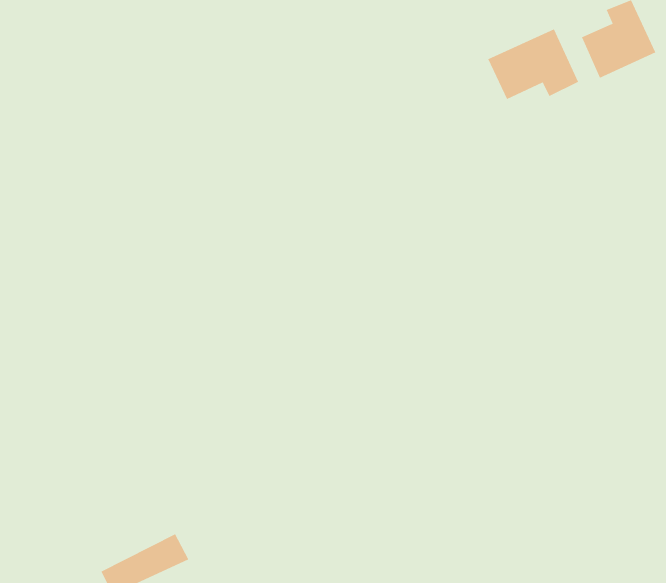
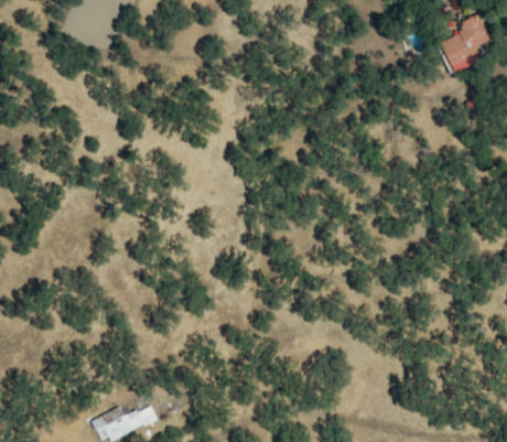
building: [487,29,579,100] -> none

